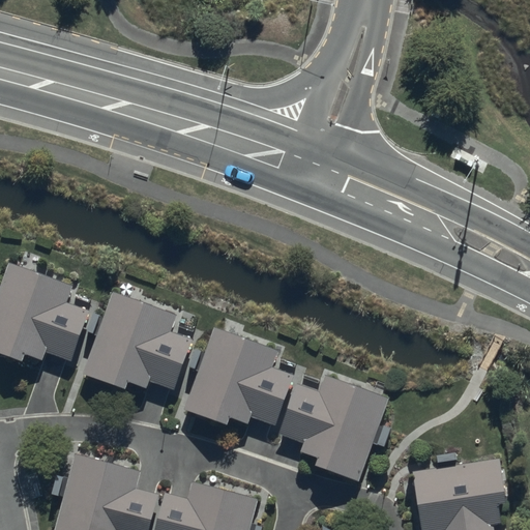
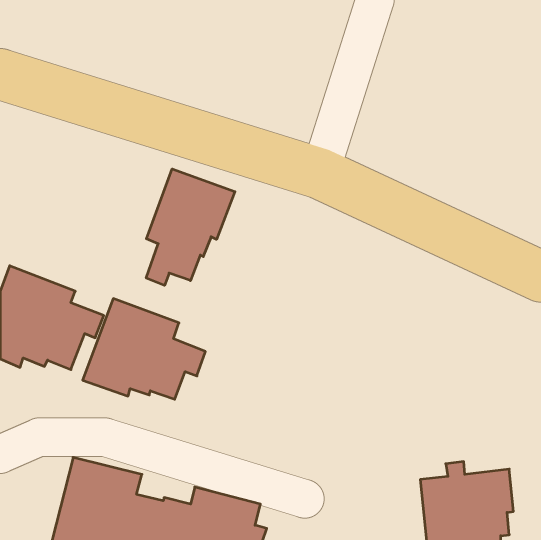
building: none -> [146,169,235,285]
building: [185,327,391,482] -> none

